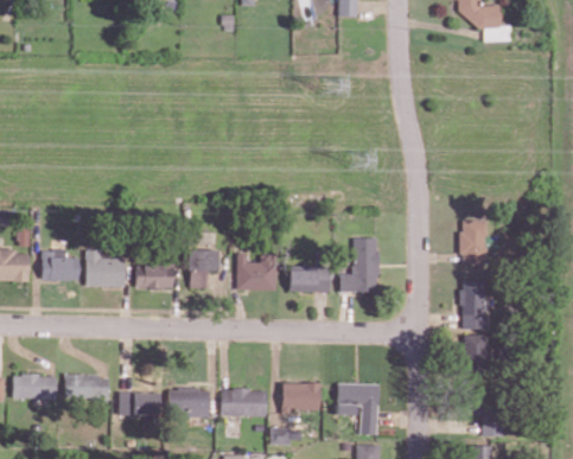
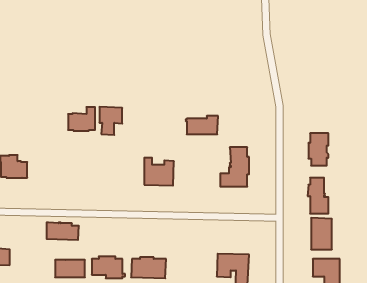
building: [186,249,217,287] -> [99,107,122,135]
building: [85,250,125,287] -> none
building: [135,256,172,288] -> [68,107,95,131]
building: [287,267,331,292] -> [186,116,218,134]
building: [63,374,107,397] -> [47,222,79,240]
building: [281,383,320,414] -> none

